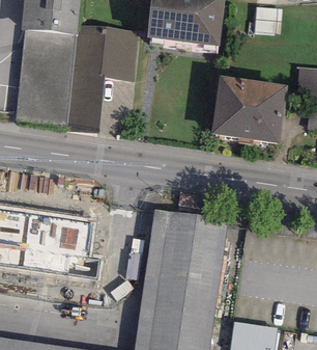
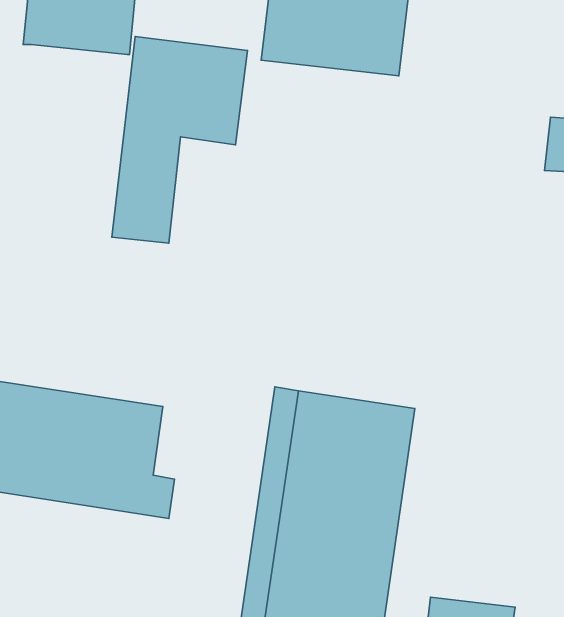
building: [16,28,76,123] -> none
building: [211,74,288,142] -> none

